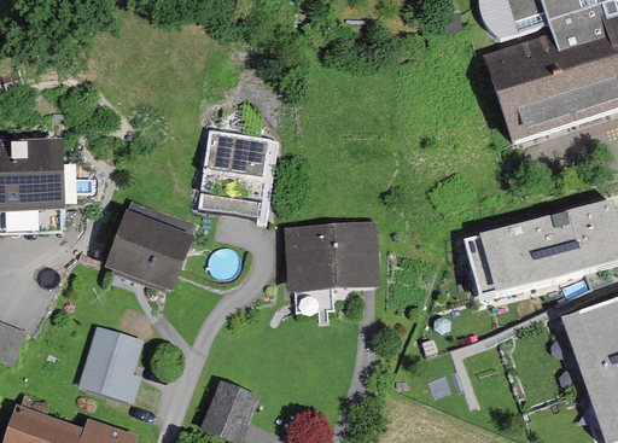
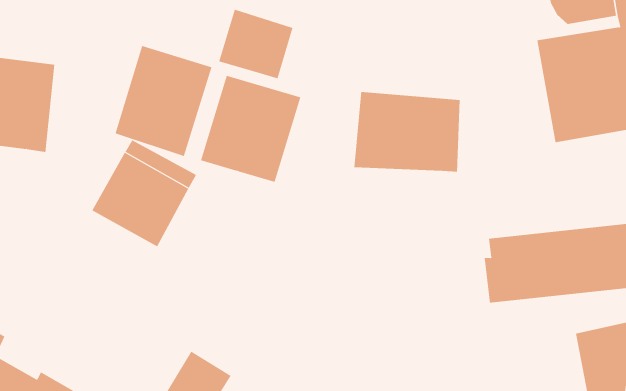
building: none -> [218,9,293,79]
building: none -> [115,45,212,157]
building: [285,222,383,297] -> [353,92,461,172]
building: [83,323,152,401] -> none

